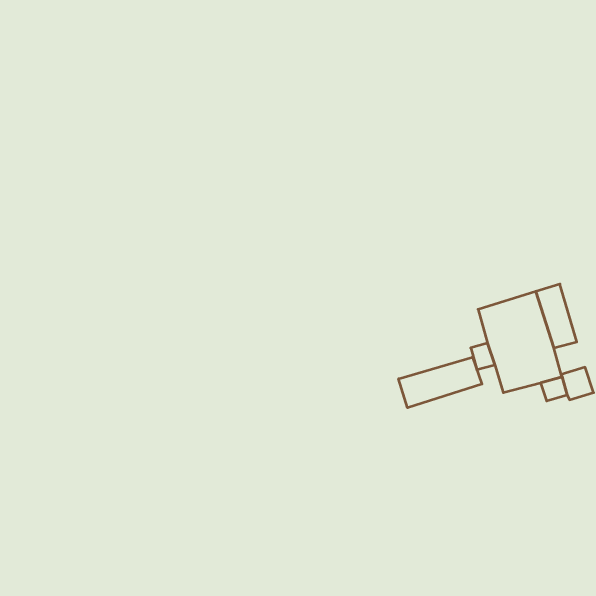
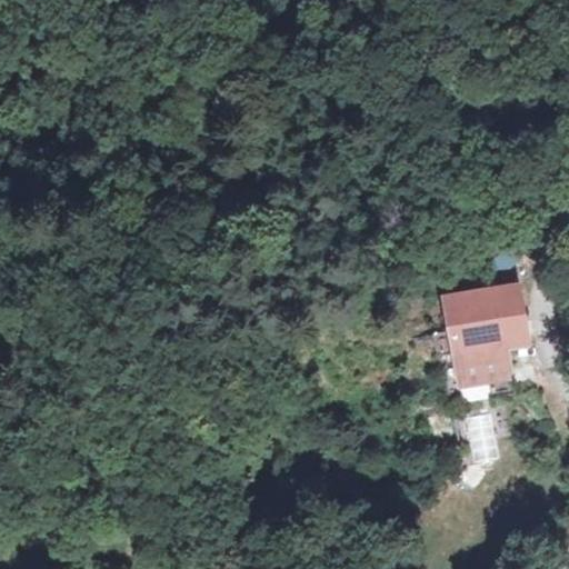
building: [399,357,482,408] -> none

